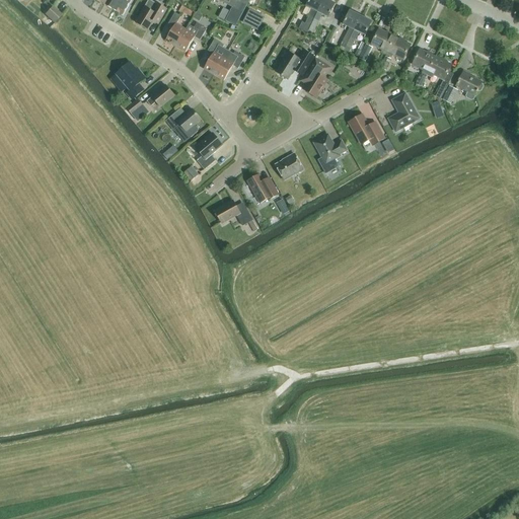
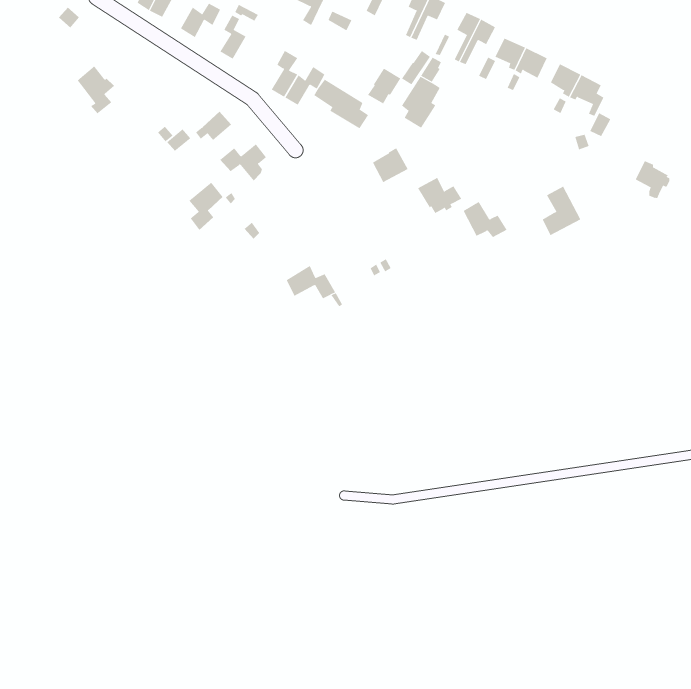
building: [174,21,206,51] -> none
building: none -> [314,79,369,129]
building: [116,61,144,97] -> [77,66,115,114]
building: [455,70,481,98] -> [635,160,670,198]
building: [388,92,418,130] -> [542,186,581,236]
building: [350,116,383,143] -> [463,201,507,238]
building: [195,132,221,168] -> [188,182,224,231]
building: [275,152,302,178] -> [372,148,409,183]
building: [246,172,277,203] -> none

